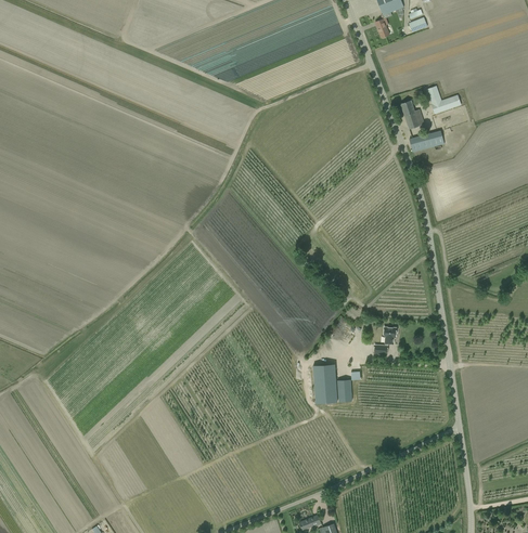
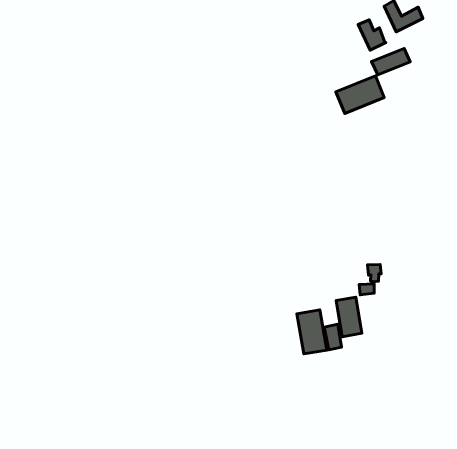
building: none -> [336,76,384,113]
building: none -> [336,297,362,337]

